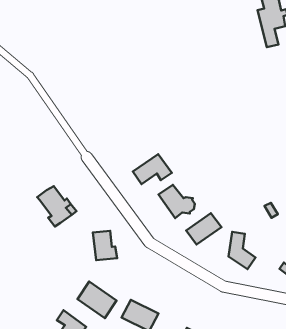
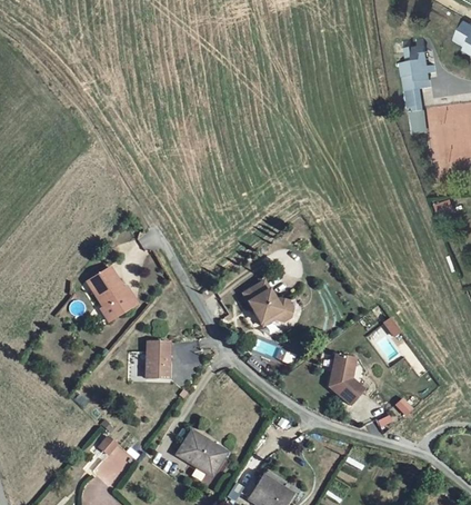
building: [133,154,172,184] -> none
building: [186,213,221,245] -> none
building: [78,282,116,318] -> none

